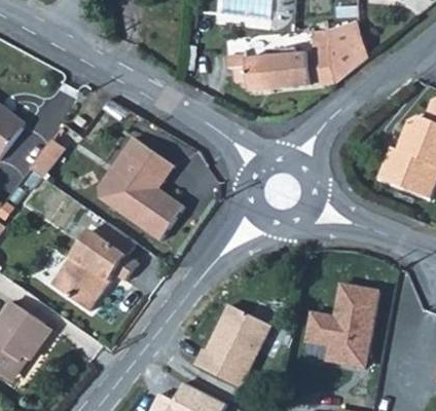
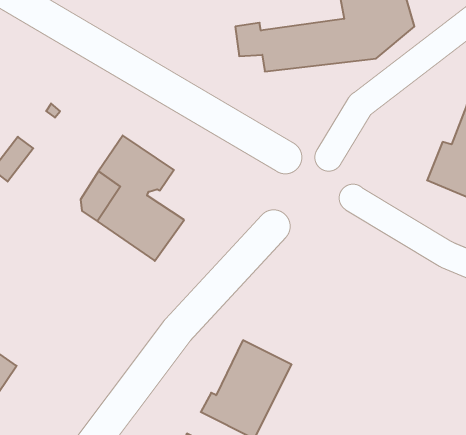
building: [53,225,138,311] -> none
building: [311,277,382,361] -> none

